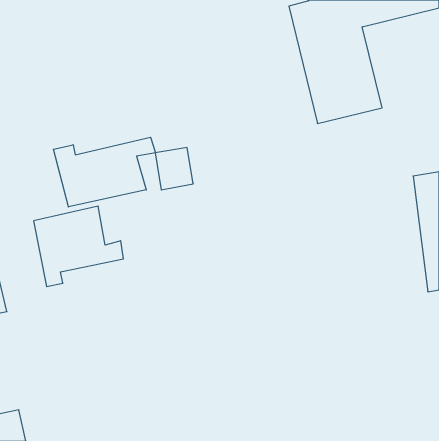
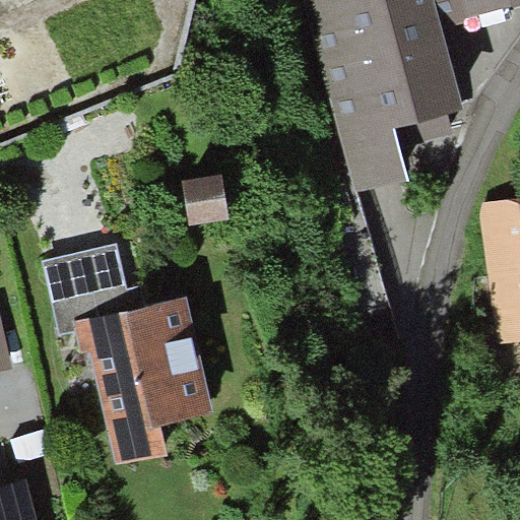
building: [53,137,156,207] -> none
building: none -> [71,296,209,460]

